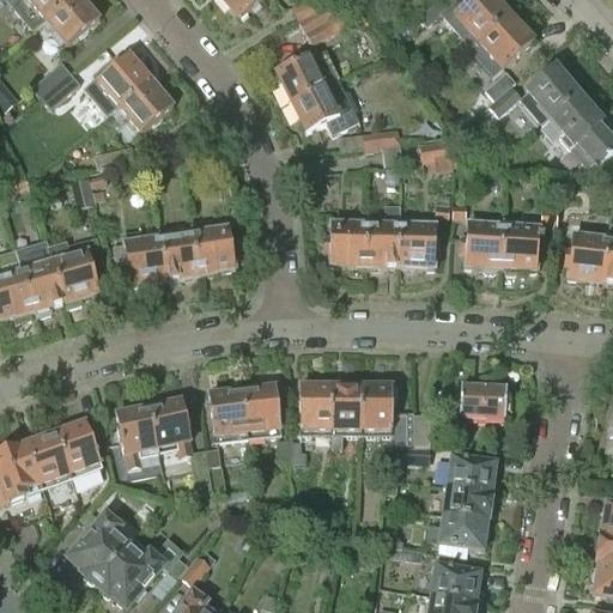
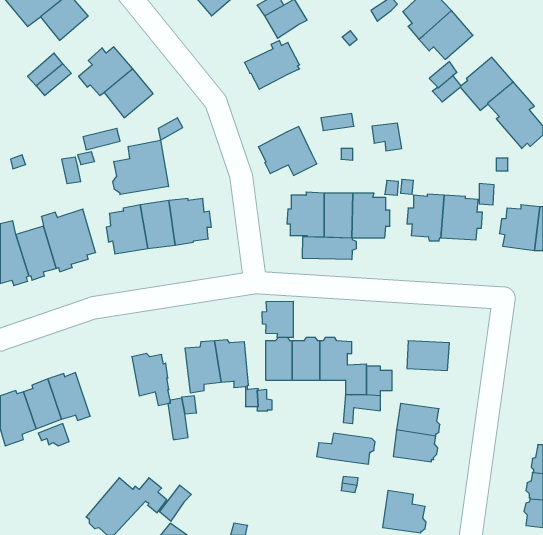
building: [292,78,358,133] -> [258,127,317,175]
building: none -> [113,140,168,195]
building: none -> [302,237,356,260]
building: none -> [262,301,293,338]
building: [114,402,160,477] -> none
building: [67,514,134,583] -> none
building: [424,515,490,550] -> [317,433,375,464]

